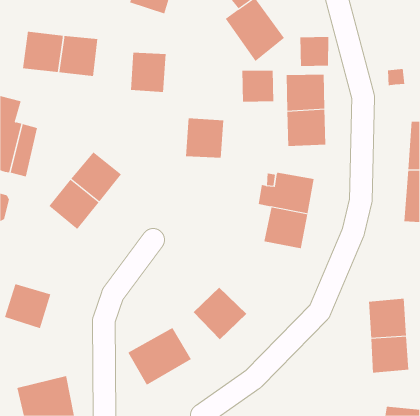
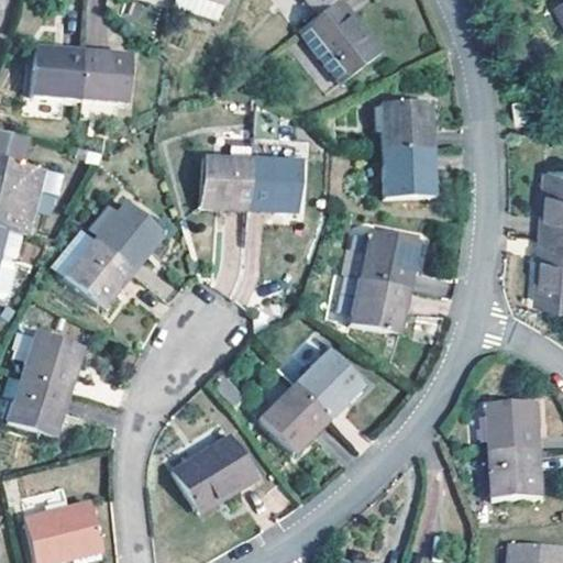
building: [300,36,329,67] -> none
building: [130,52,166,92] -> [202,155,251,209]
building: [242,70,274,103] -> none
building: none -> [20,332,81,393]
building: none -> [292,350,364,419]

